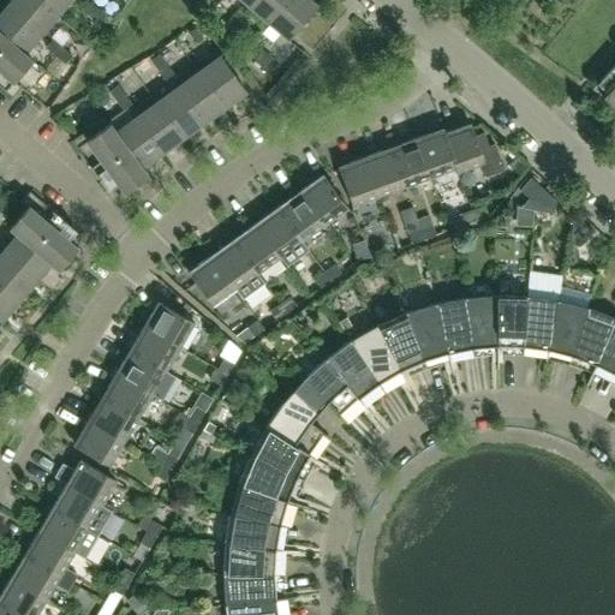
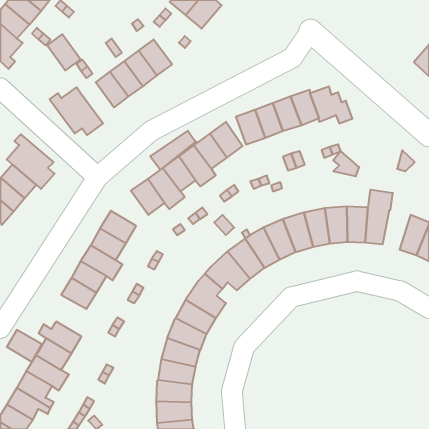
building: [115,118,163,169] -> [47,34,81,70]
building: [520,177,557,213] -> [333,151,359,176]
building: none -> [150,131,196,170]
building: [548,300,587,357] -> none
building: [73,422,124,467] -> [7,330,42,362]

